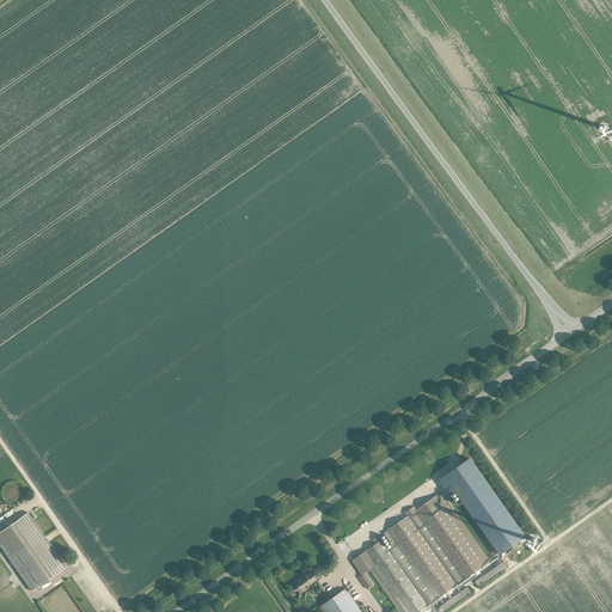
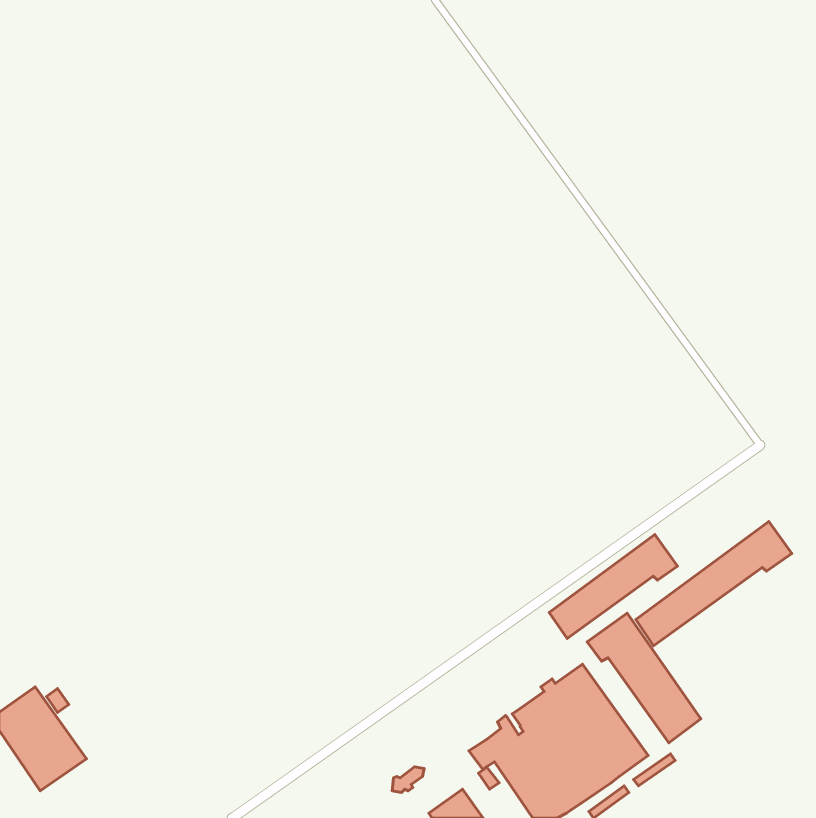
building: none -> [636,522,792,646]
building: none -> [549,534,678,639]

